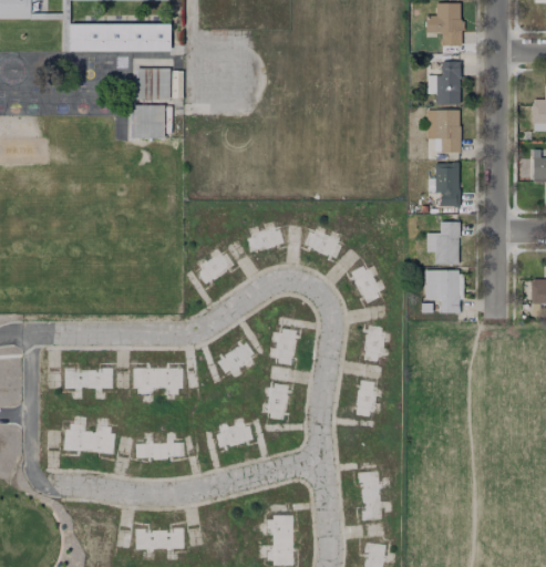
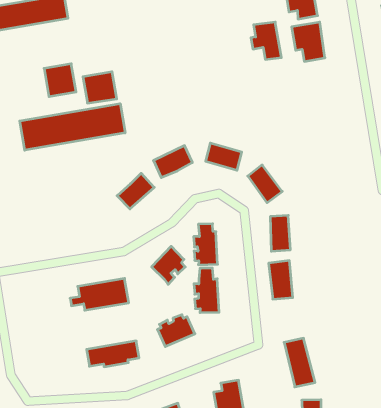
building: [138,71,173,103] -> [83,72,117,103]
building: [429,162,460,205] -> [251,22,281,59]
building: none -> [20,104,125,150]
building: [425,219,459,260] -> none
building: [424,268,464,310] -> none
building: [65,365,115,389] -> none
building: [50,422,117,455] -> none

